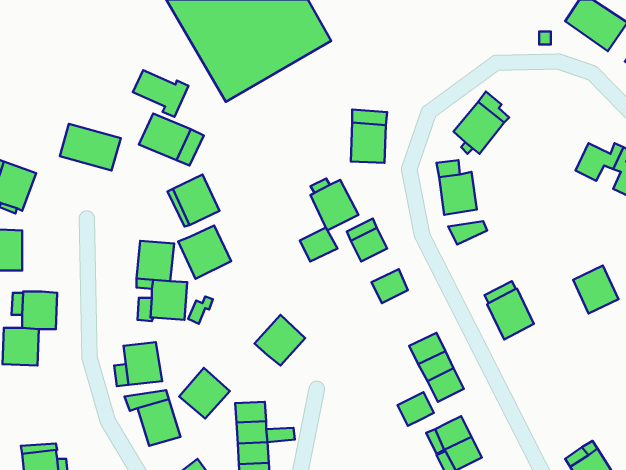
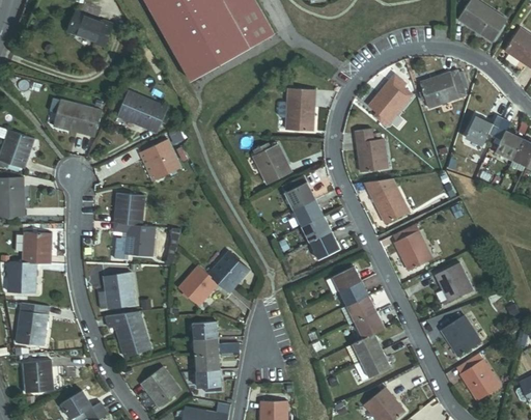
building: [133,70,189,117] -> [74,9,118,47]
building: none -> [419,69,465,108]
building: [178,226,231,279] -> none
building: [300,228,338,261] -> [294,199,324,226]
building: none -> [370,185,408,223]
building: [573,266,618,314] -> [436,263,472,302]
building: none -> [310,232,339,260]
building: [179,368,230,419] -> [178,265,219,306]
building: none -> [17,303,49,346]
building: [397,392,434,426] -> [355,311,384,338]
building: none -> [441,315,481,357]

